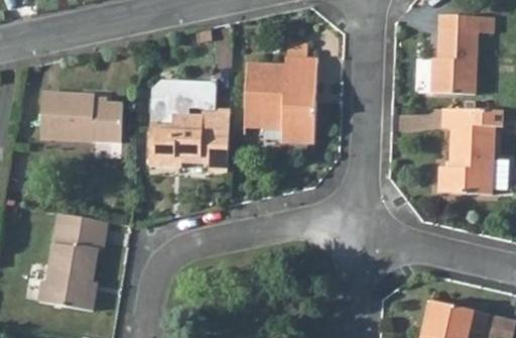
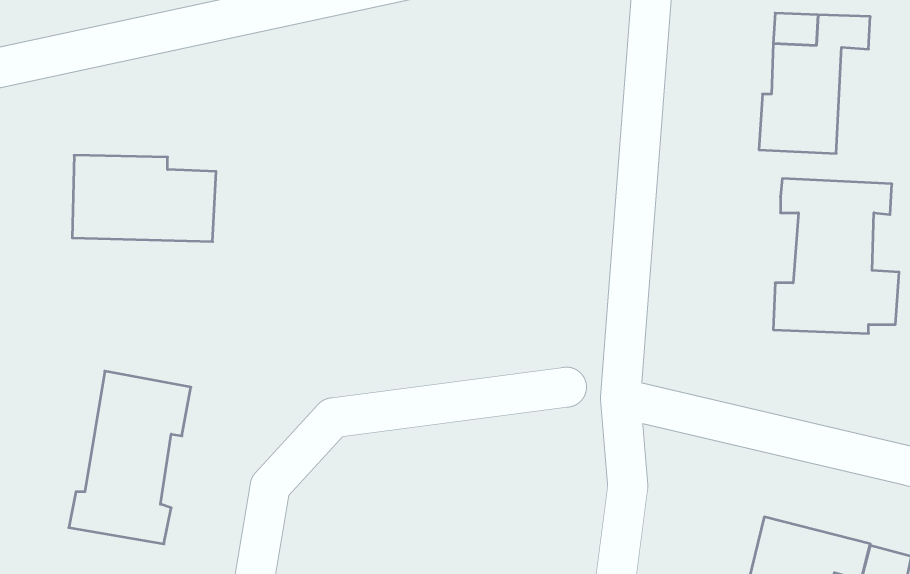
building: [244,59,317,146] -> none
building: [149,83,230,173] -> none

